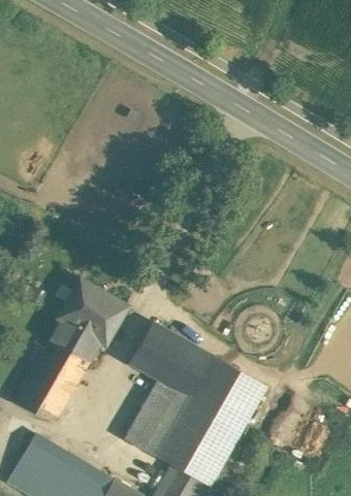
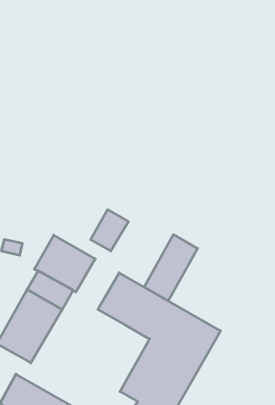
building: none -> [91,210,128,251]
building: [126,381,186,455] -> [144,235,198,301]

